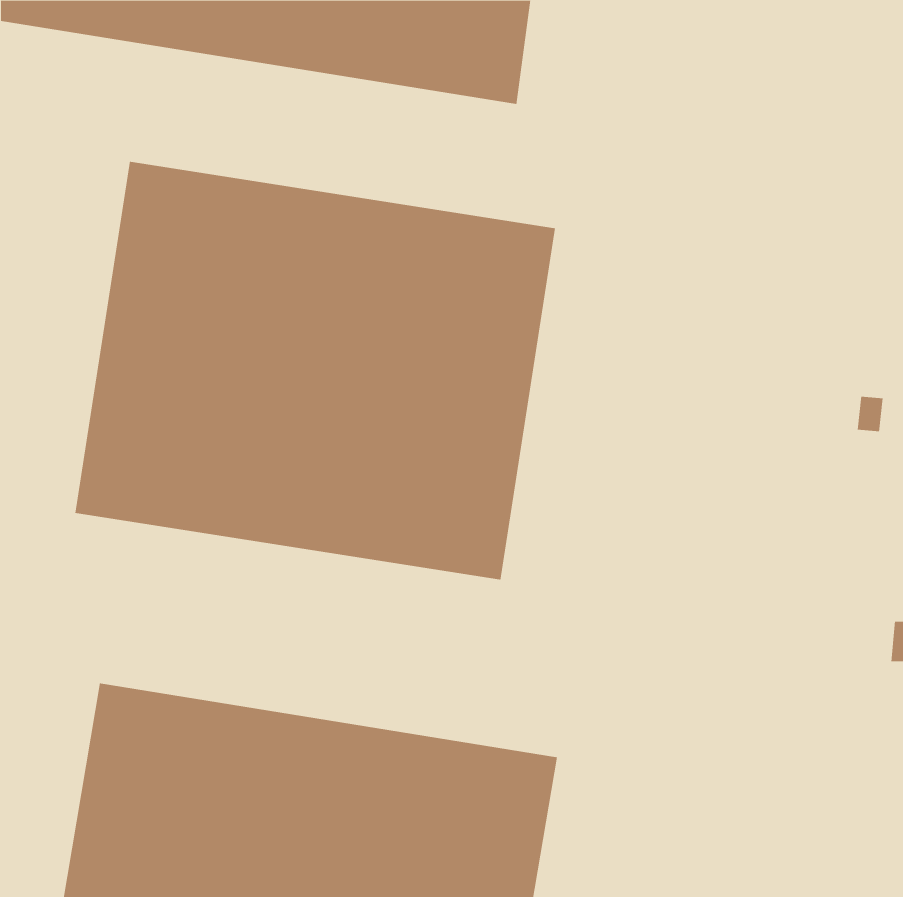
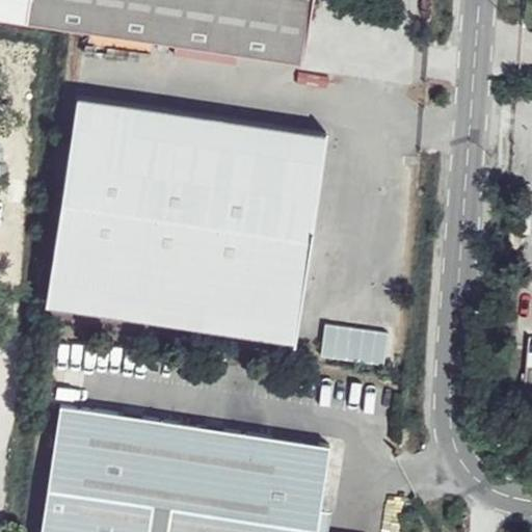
building: none -> [323,328,388,363]

